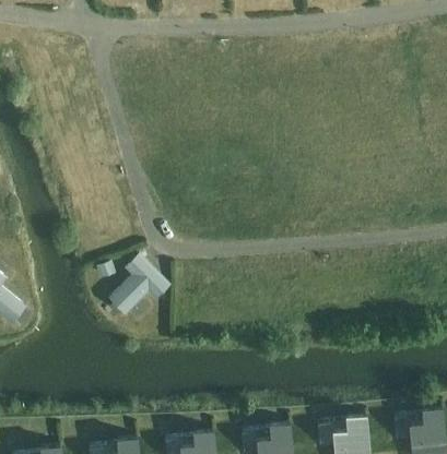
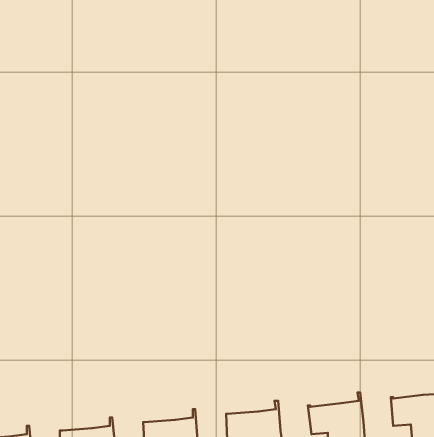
building: [111,252,167,307] -> none

